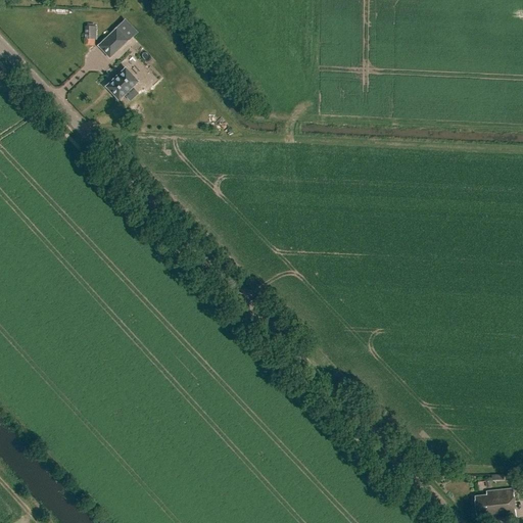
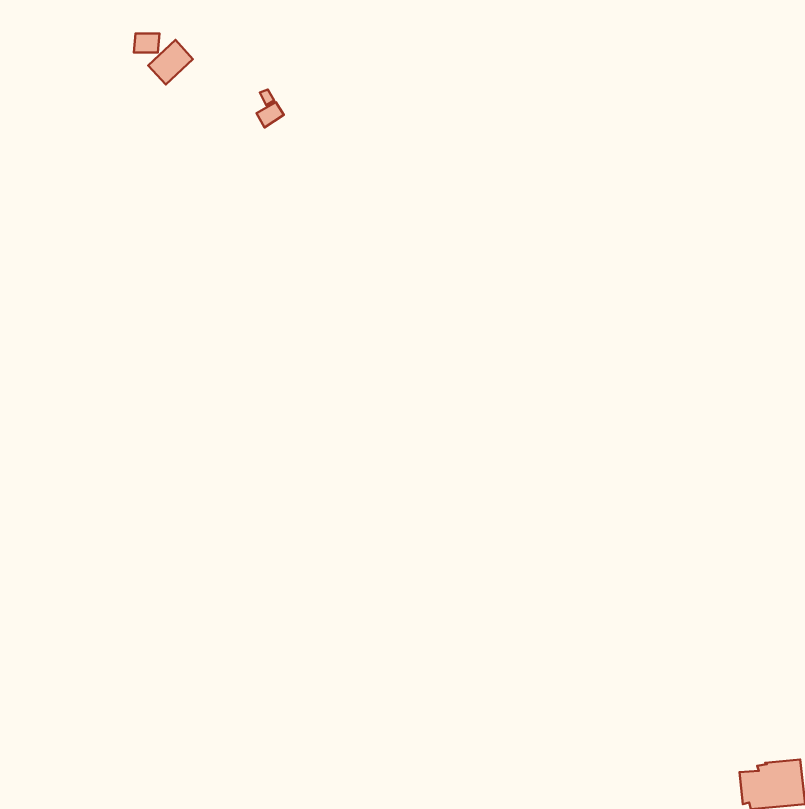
building: [111,64,144,97] -> none

